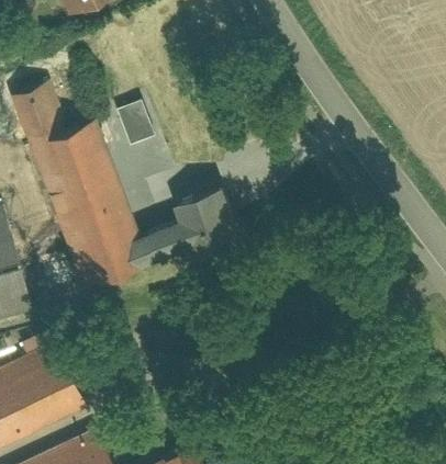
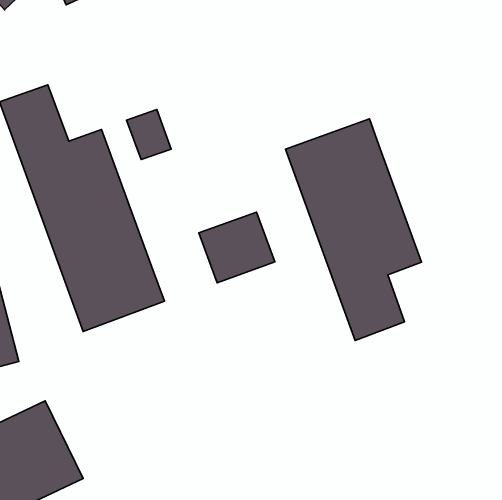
building: none -> [285,119,421,341]
building: [141,216,194,259] -> none

